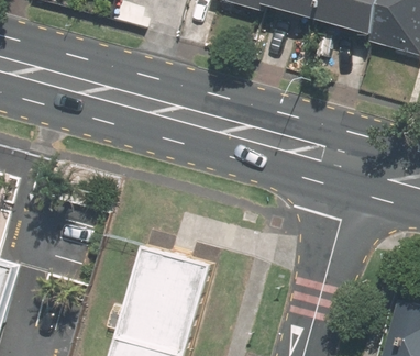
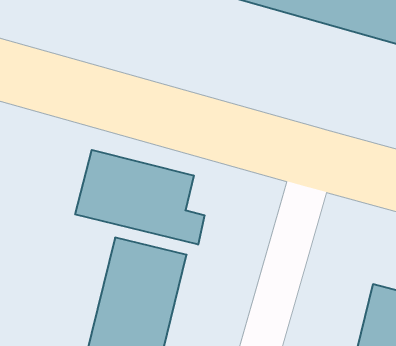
building: none -> [75,150,205,245]

